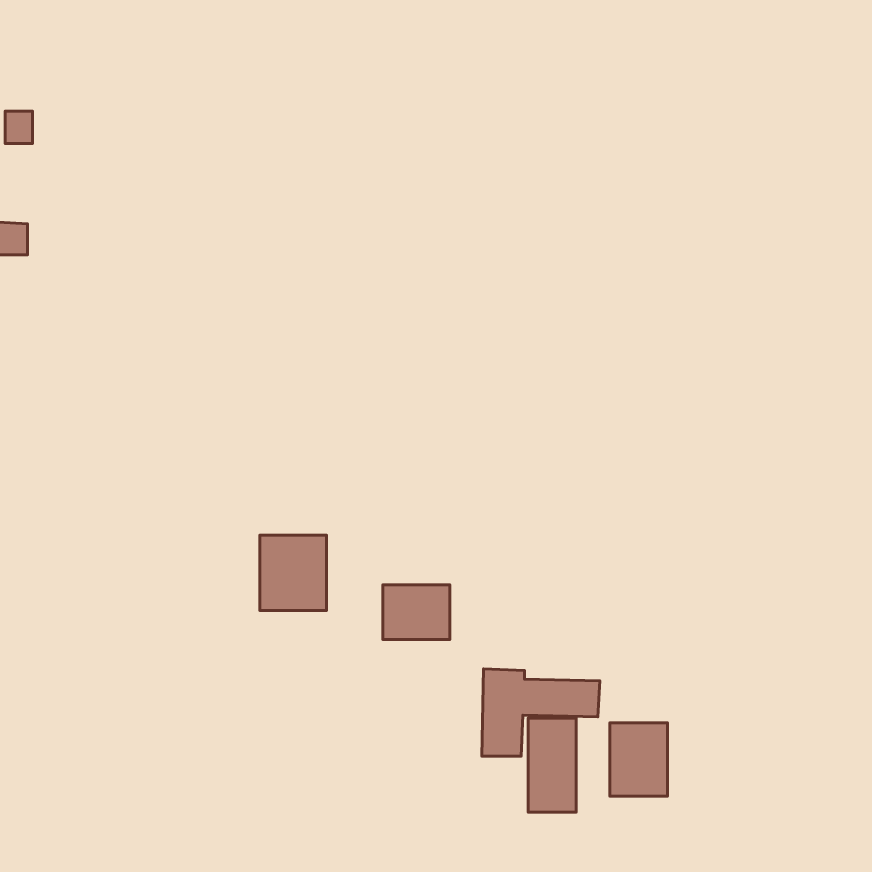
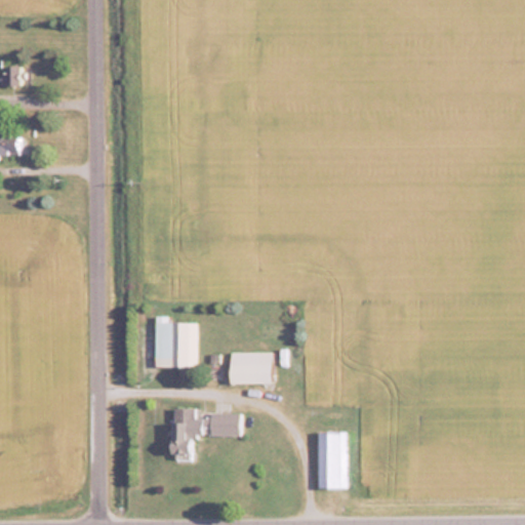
building: [482,669,600,756] -> [170,407,241,459]
building: [610,723,668,796] -> none

